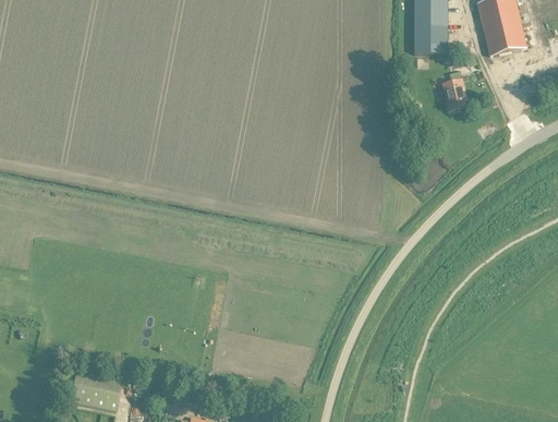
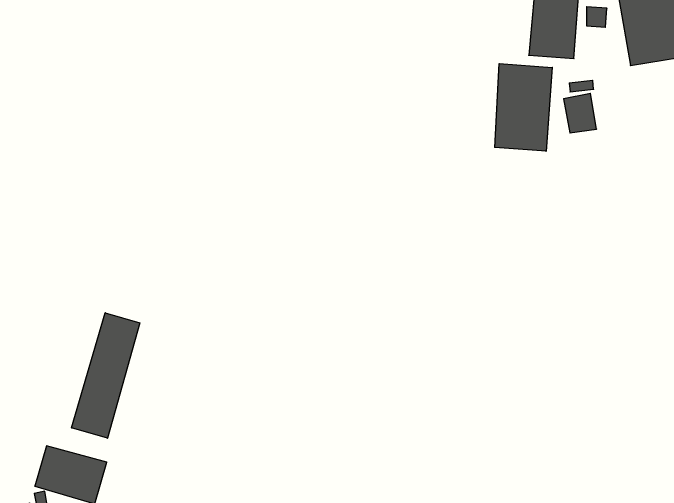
building: none -> [495,64,552,151]
building: none -> [72,313,140,438]

